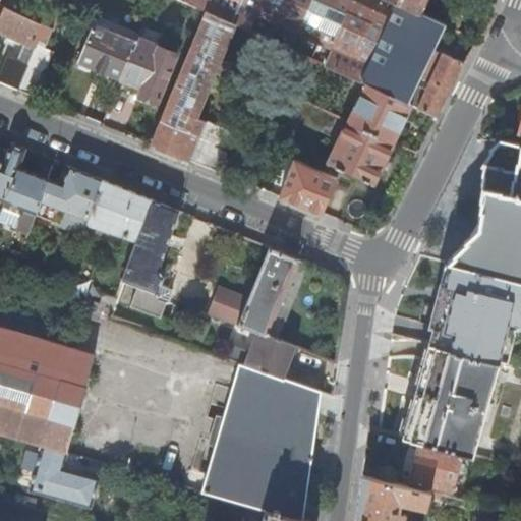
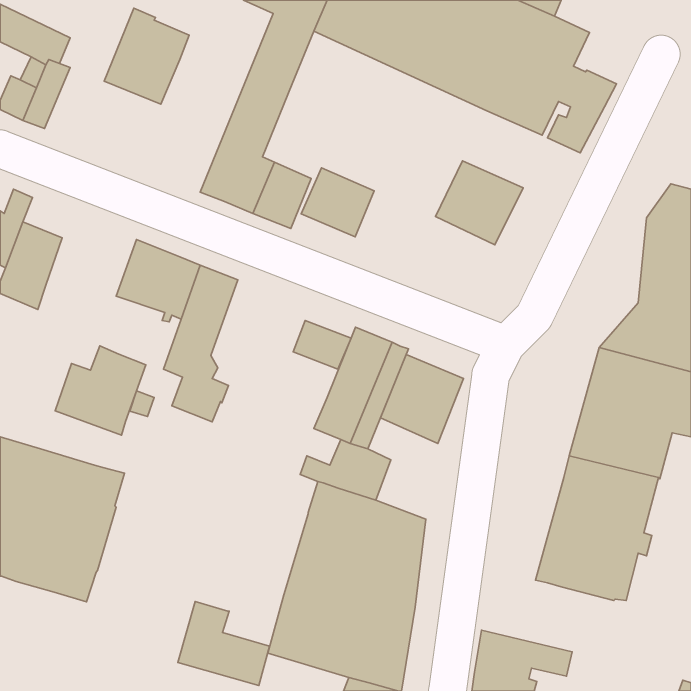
building: [121,45,176,101] -> none
building: [348,83,412,141] -> none
building: [280,162,335,214] -> [301,168,374,237]
building: [35,166,103,233] -> [55,346,146,435]
building: none -> [380,355,464,444]
building: [202,286,246,323] -> [293,321,351,369]
building: [403,439,462,489] -> none
building: [27,446,97,509] -> [178,602,270,685]

